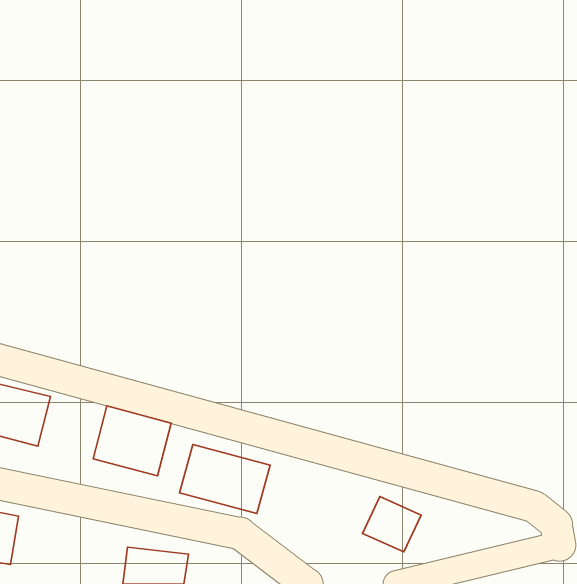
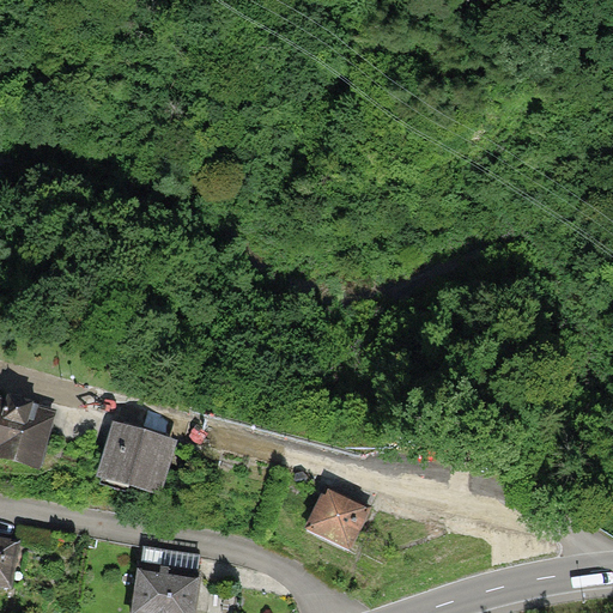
building: [179,444,270,513] -> none
building: [362,497,421,552] -> [309,490,370,547]

